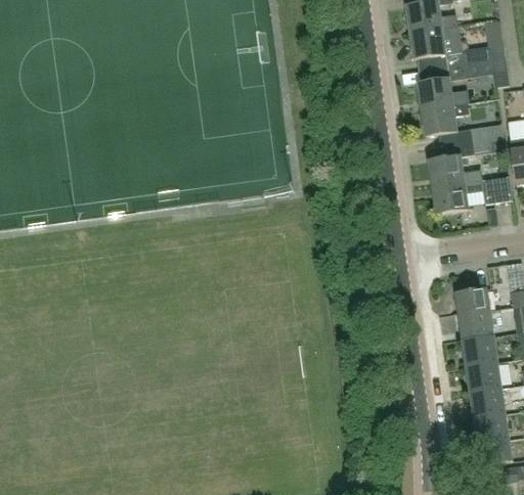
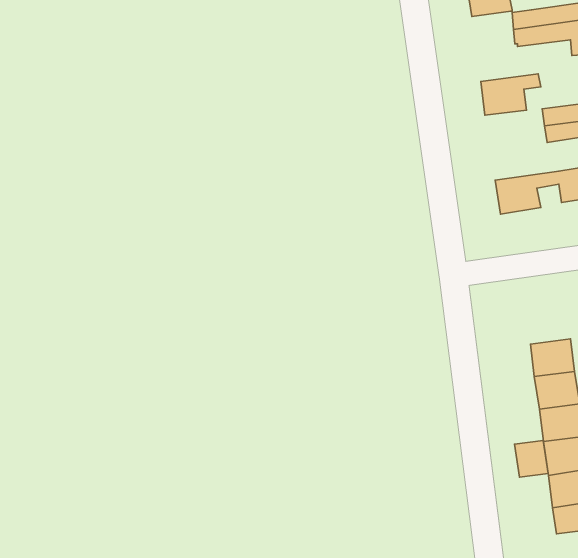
building: [417,78,466,107] -> none
building: [428,155,482,185] -> none
building: [456,288,491,314] -> none
building: none -> [515,440,548,477]

